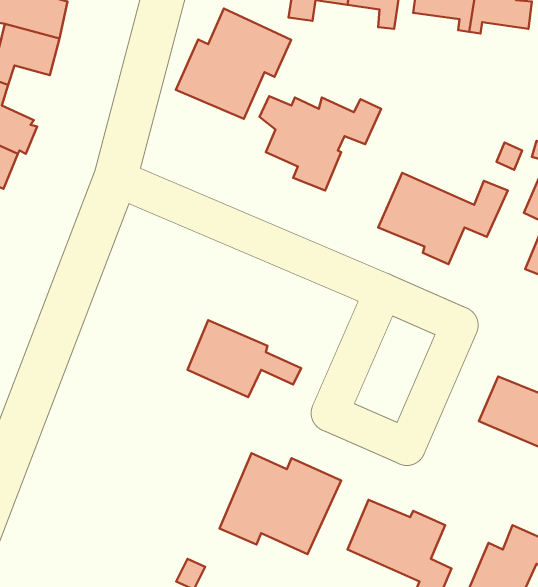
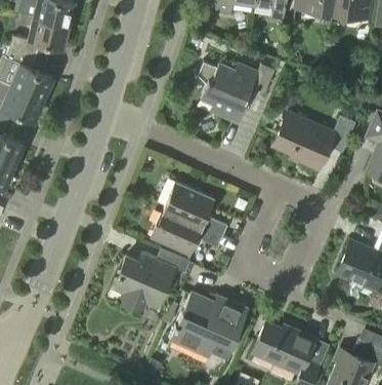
building: [176,8,291,119] -> none
building: none -> [165,182,228,237]
building: none -> [113,248,192,312]

